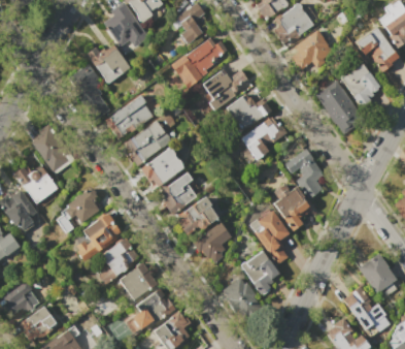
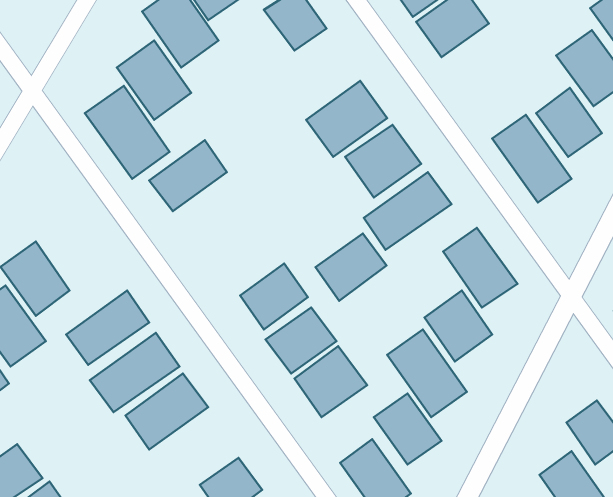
building: [288,29,332,71] -> none
building: [176,37,228,84] -> none
building: [124,120,172,165] -> none
building: [29,121,75,170] -> none
building: [141,149,184,190] -> [315,233,386,301]
building: [122,264,159,302] -> none

